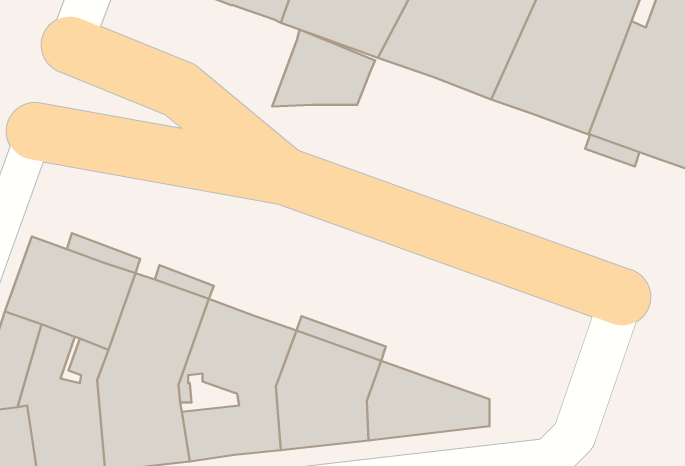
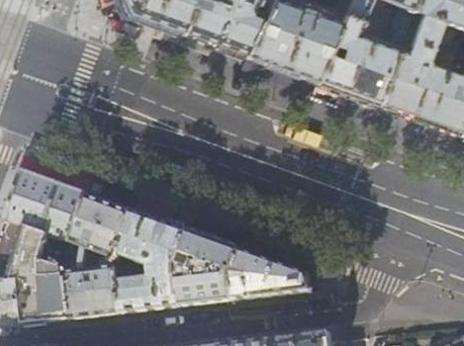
building: [272,30,375,106] -> none

